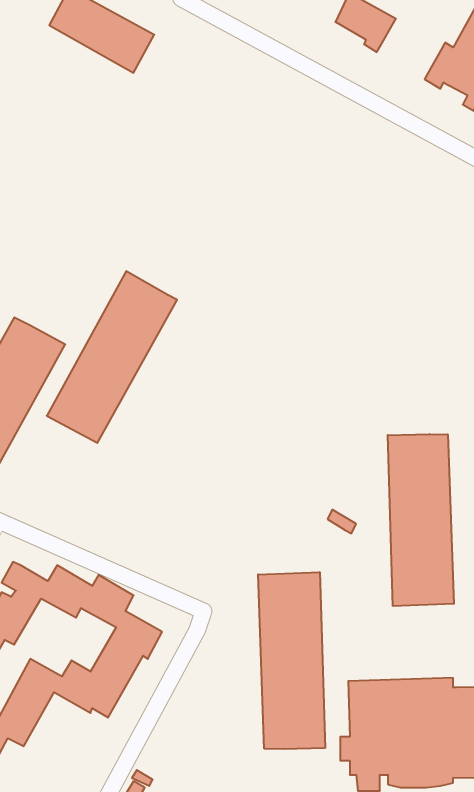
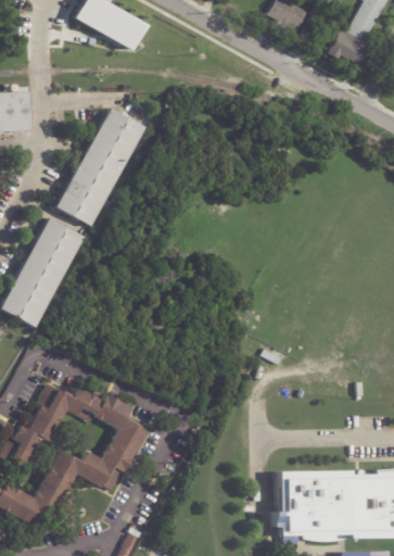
building: [47,271,177,443] -> [54,108,143,225]
building: [388,434,454,606] -> none
building: [258,572,325,749] -> none

